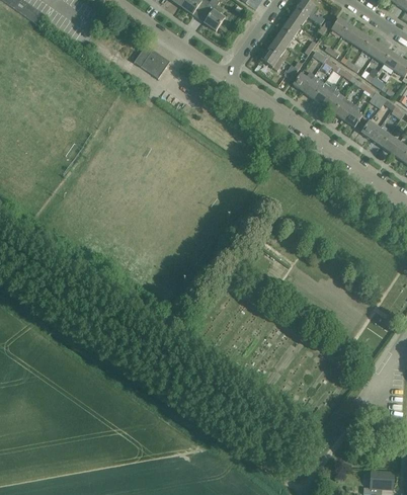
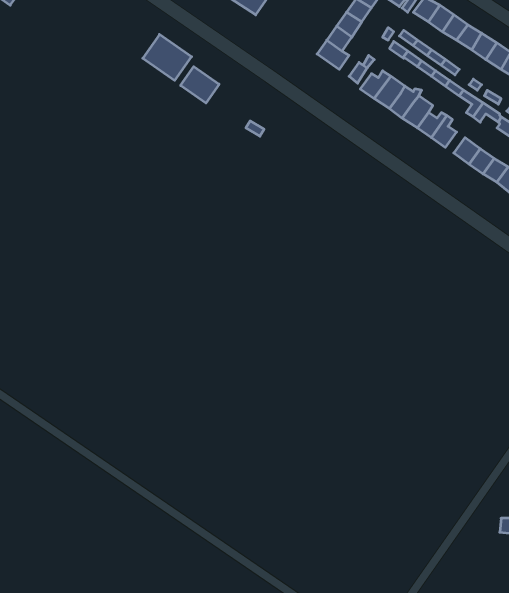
building: none -> [181,67,219,103]

